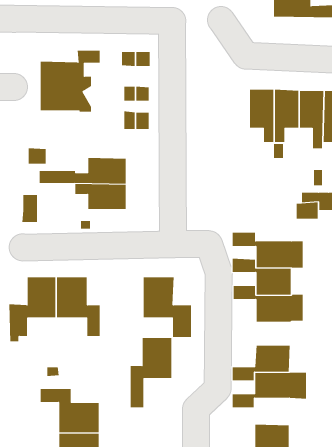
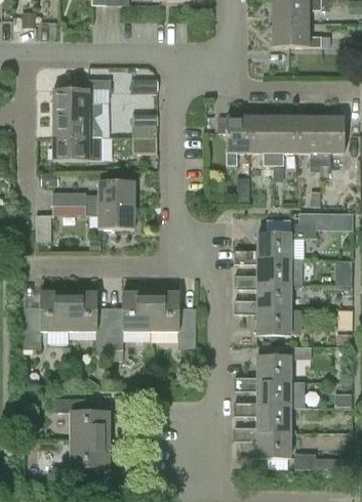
building: none -> [226,115,250,164]
building: none -> [51,135,102,160]
building: none -> [256,233,290,258]
building: [130,337,172,408] -> [110,292,150,359]
building: none -> [234,407,288,441]

